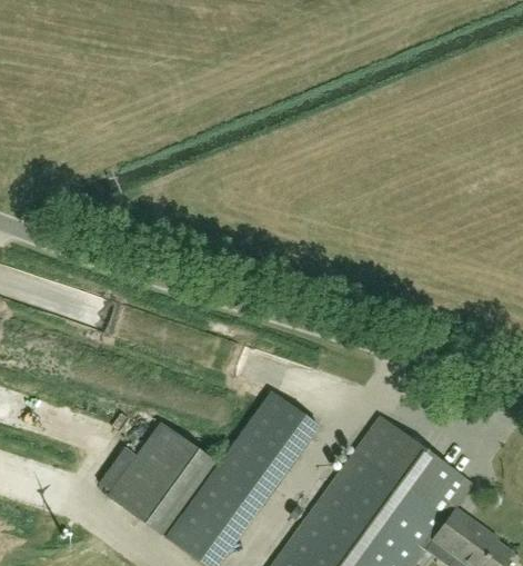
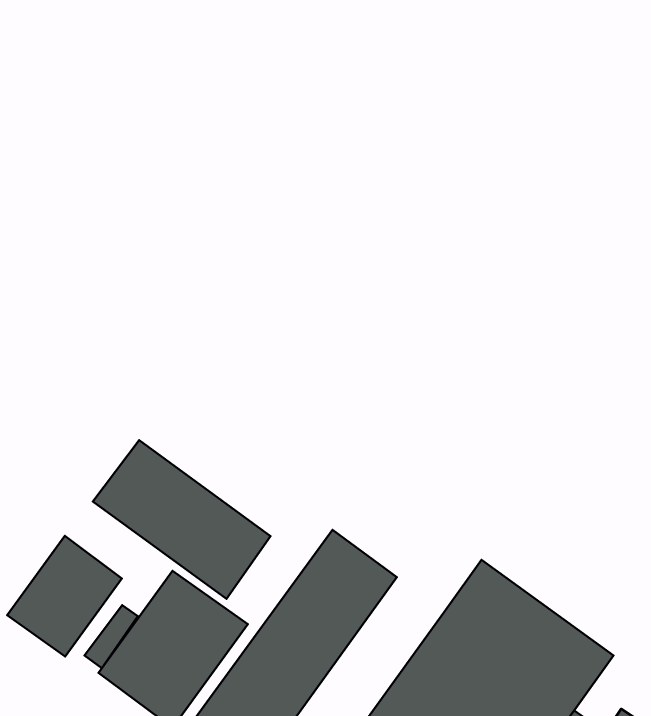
building: none -> [93,440,271,599]
building: none -> [7,536,122,656]

